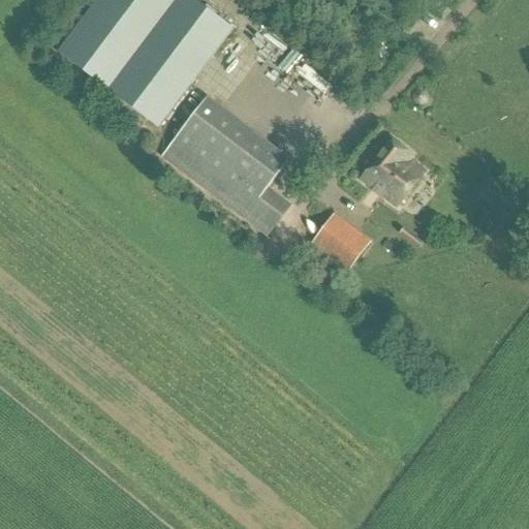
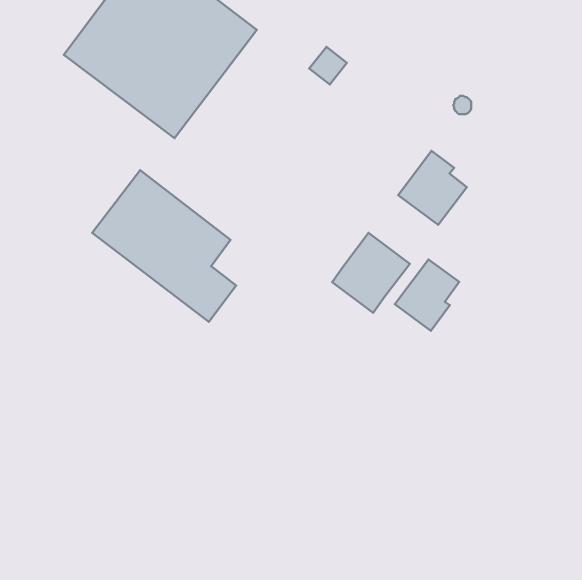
building: [161,97,291,235] -> [92,170,236,322]
building: none -> [395,259,459,331]

